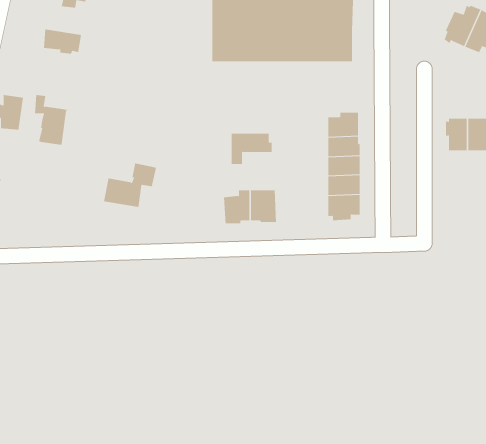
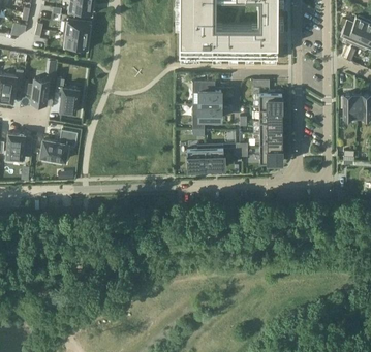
building: none -> [63,18,91,37]
building: none -> [192,81,223,105]
building: [103,163,157,208] -> [40,130,78,161]

